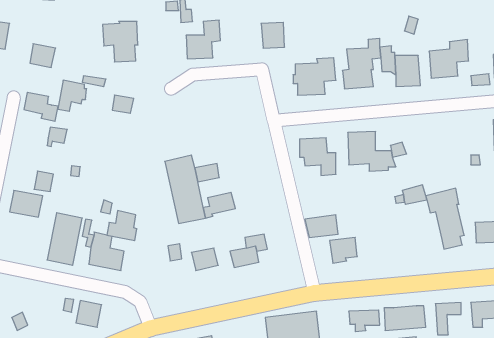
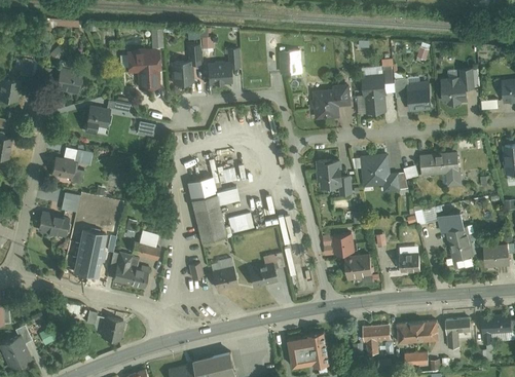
building: none -> [171,44,199,84]
building: [24,92,58,121] -> [50,156,83,184]
building: none -> [420,151,462,185]
building: none -> [400,252,420,271]

